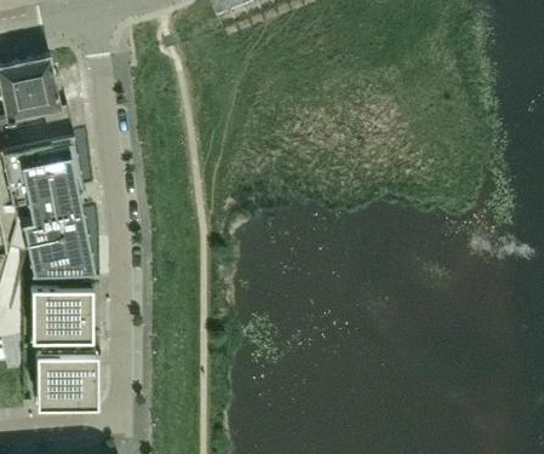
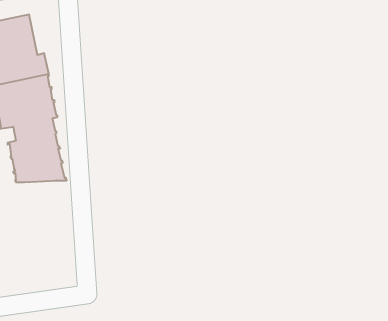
building: [30,286,91,339] -> none
building: [35,354,96,408] -> none

